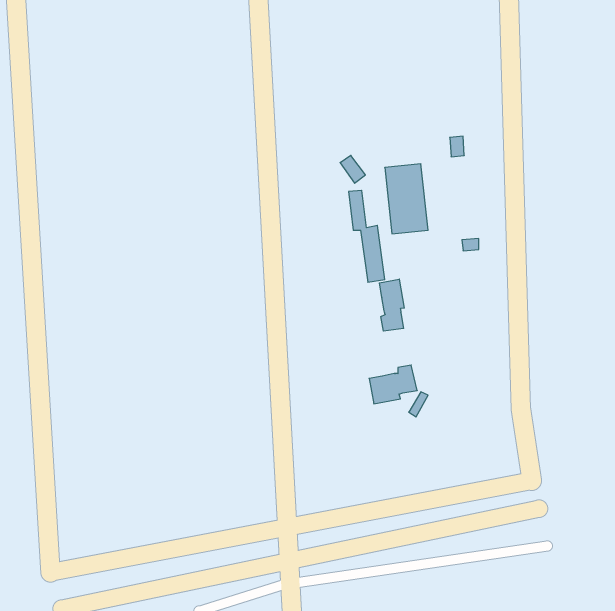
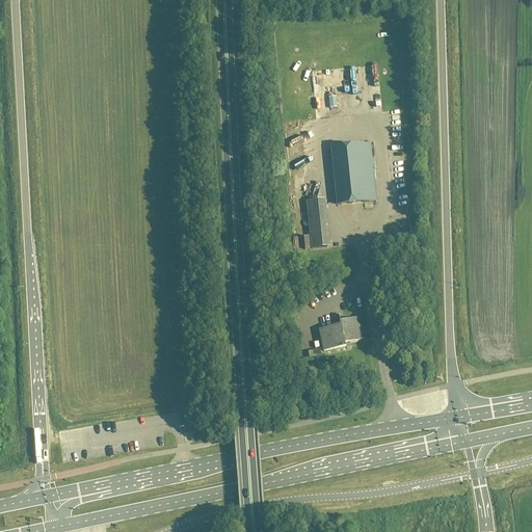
building: [379,279,404,331] -> none

